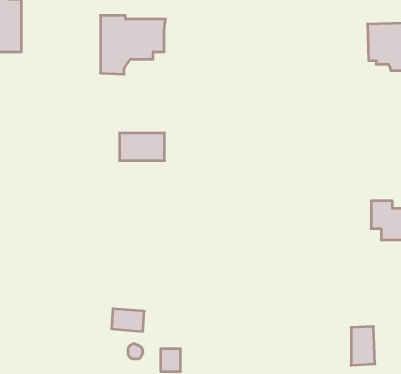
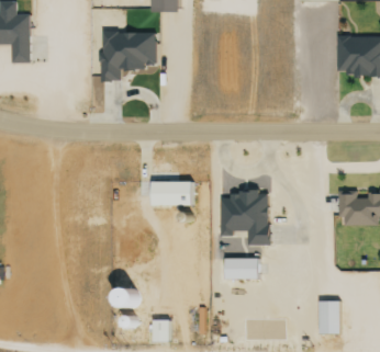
building: [119,133,165,161] -> [152,179,191,203]
building: none -> [220,190,276,243]
building: none -> [226,257,262,280]

